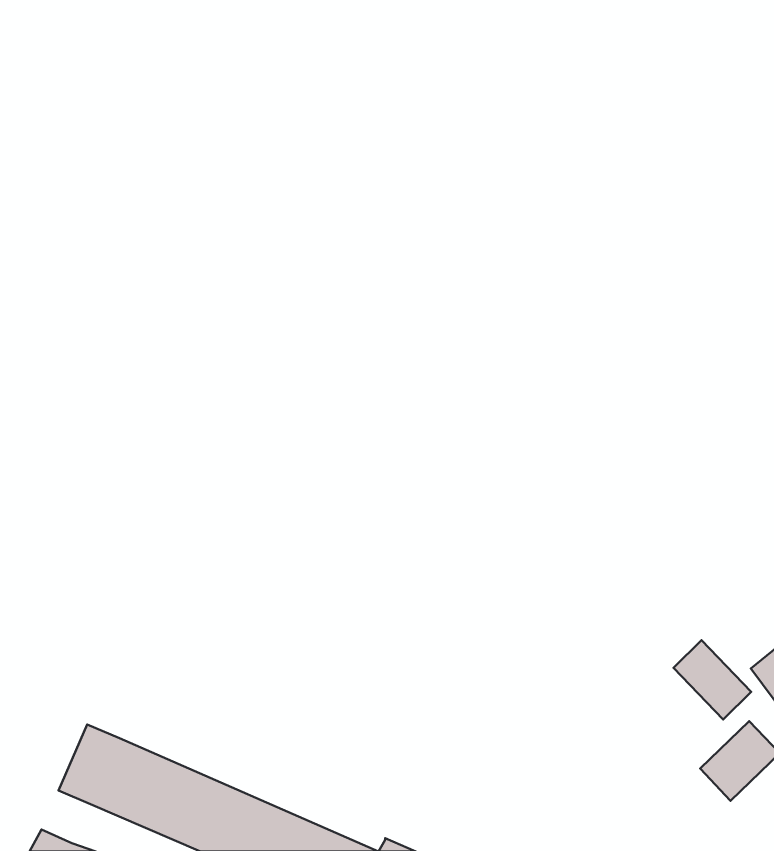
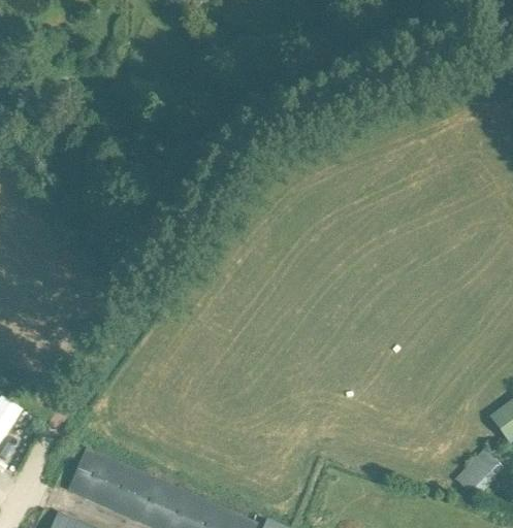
building: [673,640,751,720] -> none

